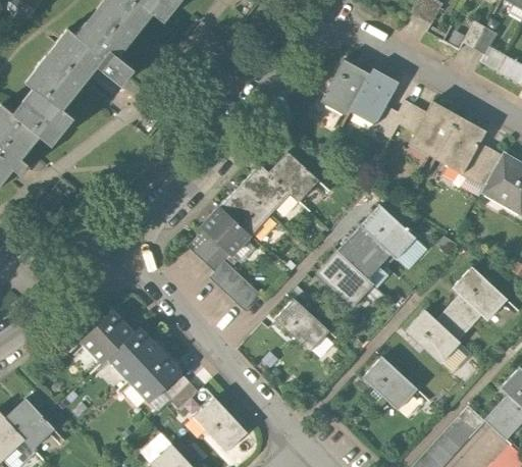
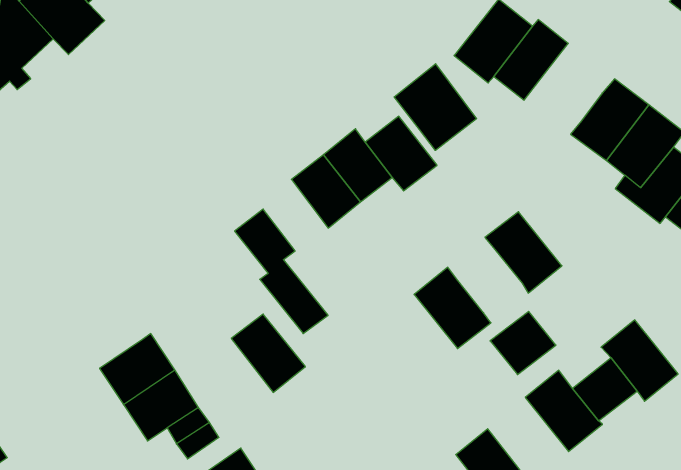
building: [372,101,426,140] -> none
building: none -> [394,64,477,150]
building: [202,206,252,256] -> none
building: [346,232,392,277] -> [490,311,556,375]
building: [276,299,330,352] -> [231,314,305,392]
building: [83,310,136,362] -> none

